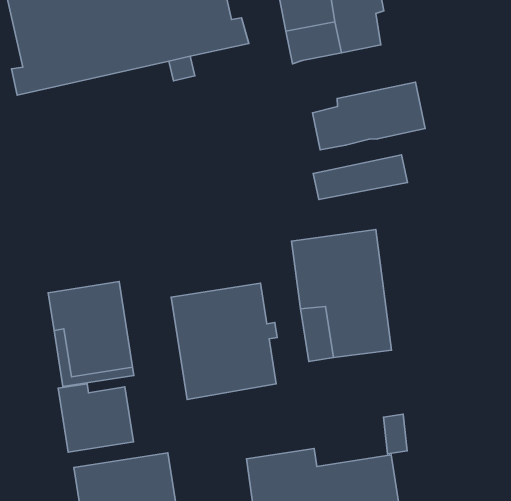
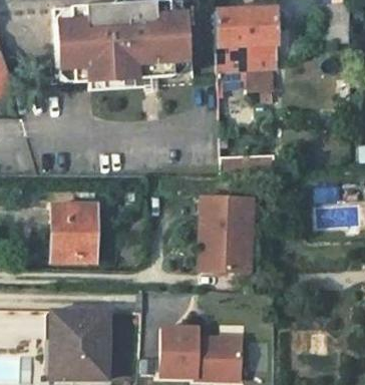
building: [313,82,425,150] -> none
building: [171,283,277,399] -> none
building: [58,384,133,452] -> none

